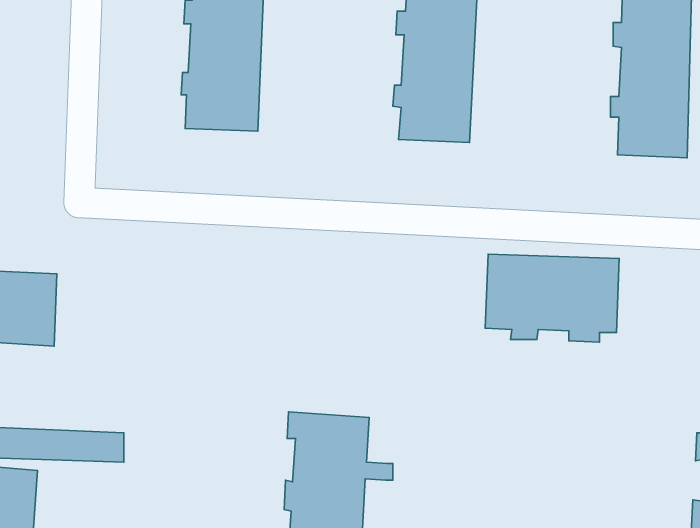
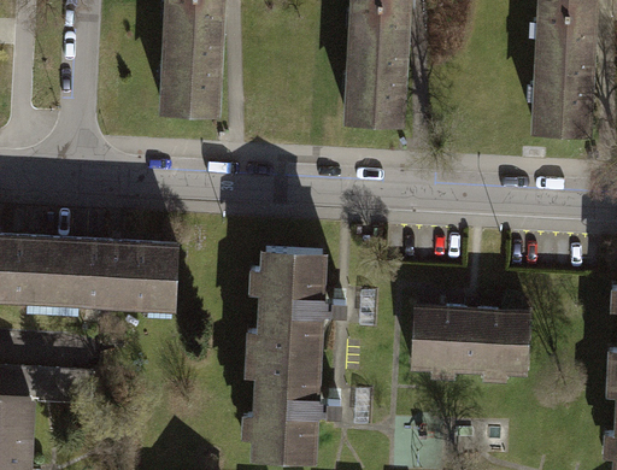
building: [485,254,619,342] -> [405,305,521,381]
building: none -> [47,237,174,306]
building: none -> [249,255,347,362]

